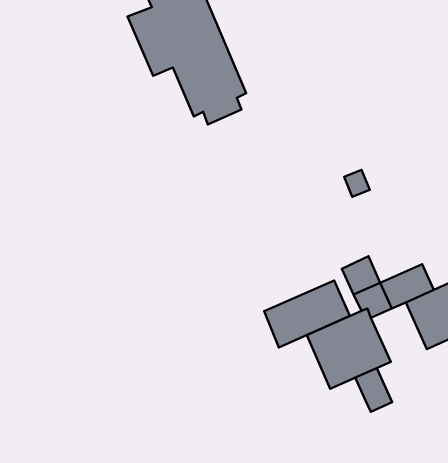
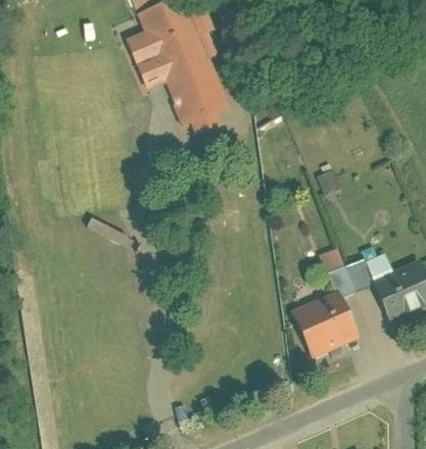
building: [264,281,350,347] -> none
building: [355,368,392,412] -> none

